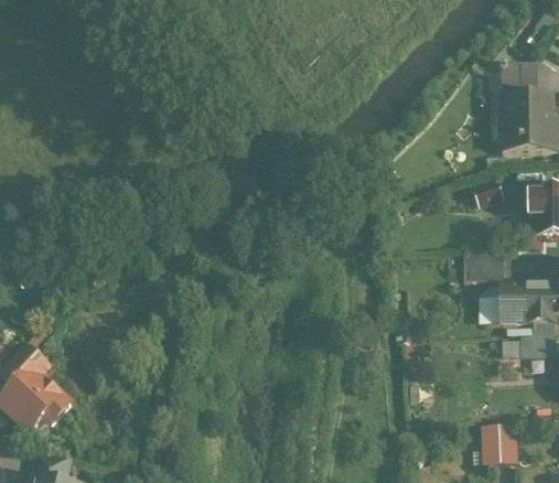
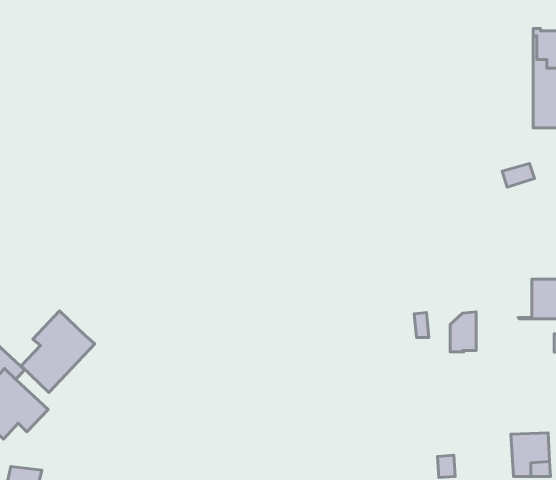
building: [464,253,505,280] -> none
building: [479,287,502,322] -> [450,312,476,352]
building: none -> [21,311,95,392]

